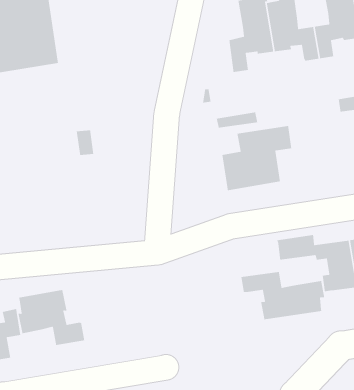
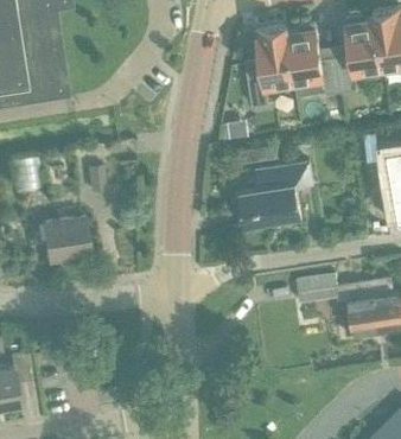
building: none -> [43,216,90,260]
building: [241,271,325,321] -> none
building: [18,289,85,346] -> none

